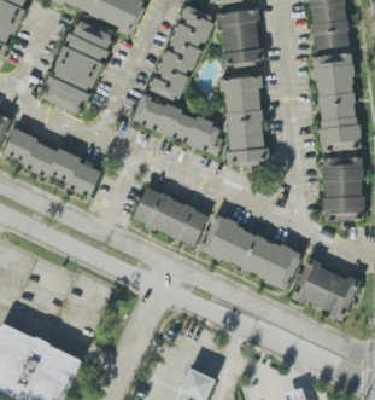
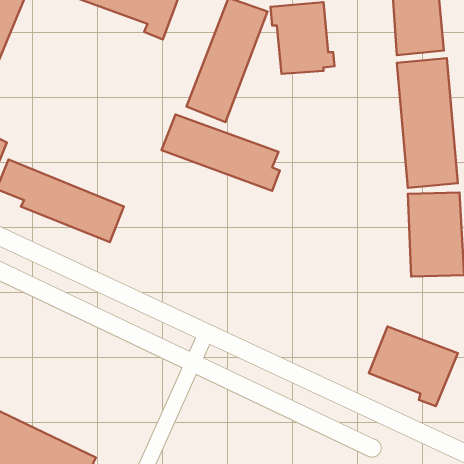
building: [42,18,115,114] -> none
building: [223,75,270,166] -> none
building: [133,187,209,245] -> none
building: [200,218,301,286] -> none

